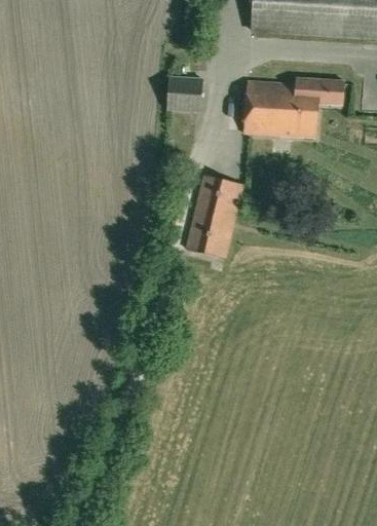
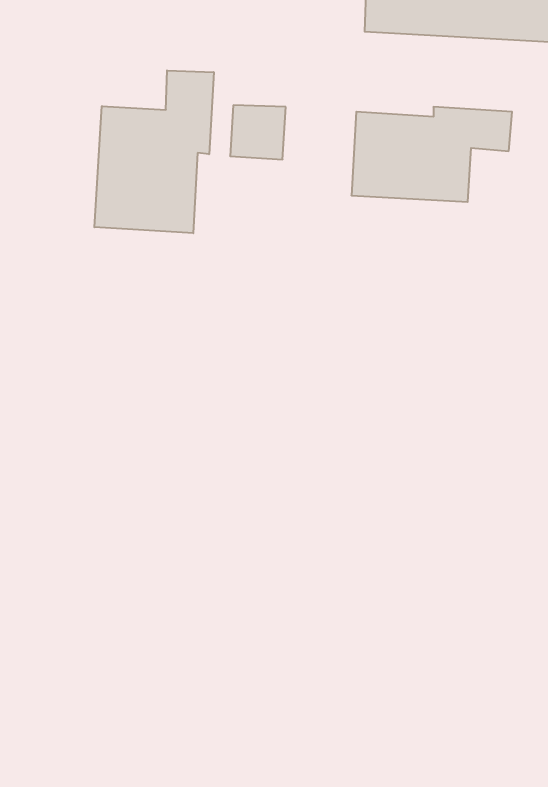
building: none -> [94,70,214,233]
building: [186,174,241,257] -> none

